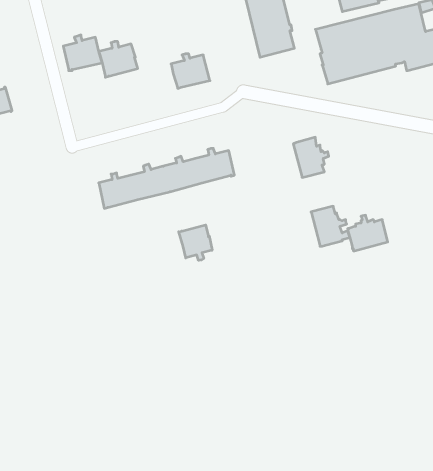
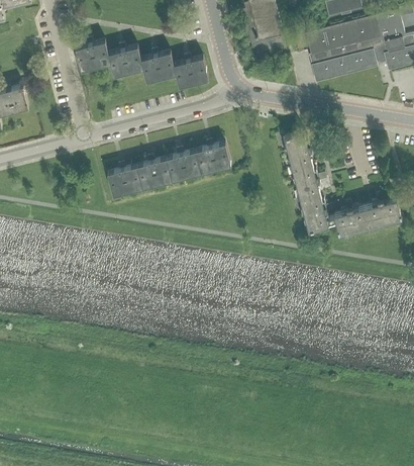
building: none -> [140,50,176,82]
building: none -> [293,163,325,199]
building: none -> [366,194,403,226]
building: [179,225,212,260] -> none

